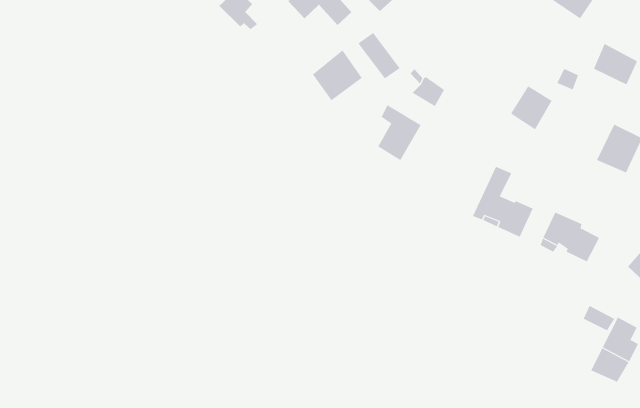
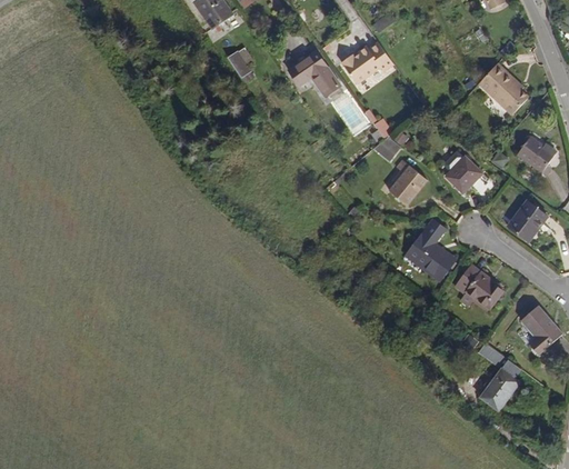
building: [312,49,362,101] -> none
building: [378,105,421,161] -> [387,161,425,208]

